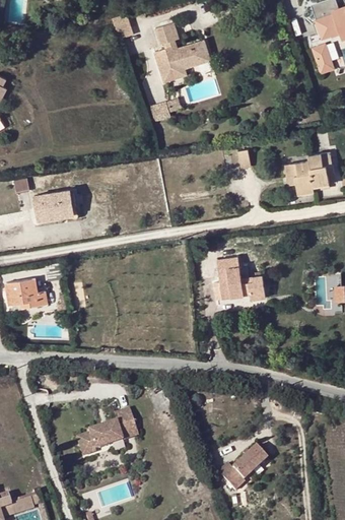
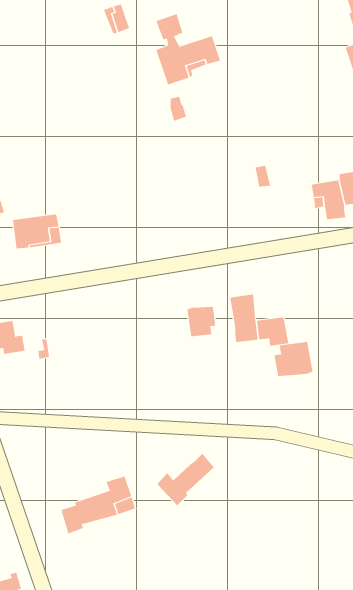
building: none -> [187,306,216,337]
building: none -> [274,341,313,377]
building: [217,447,266,492] -> [156,453,215,506]

